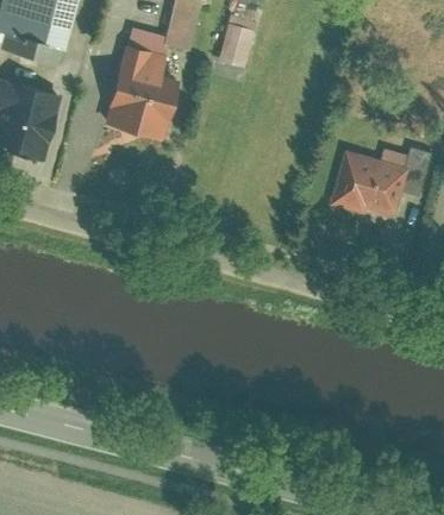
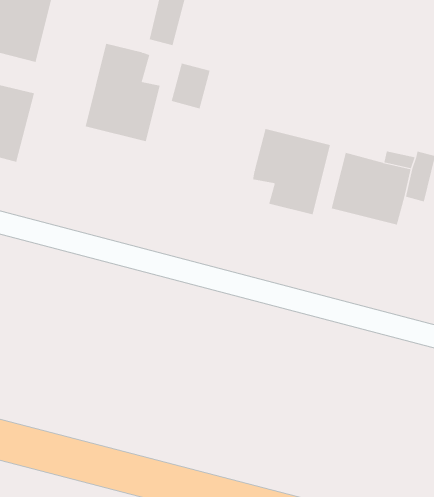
building: [217,24,254,67] -> [171,63,211,109]
building: [125,27,164,55] -> none
building: none -> [253,128,330,215]

